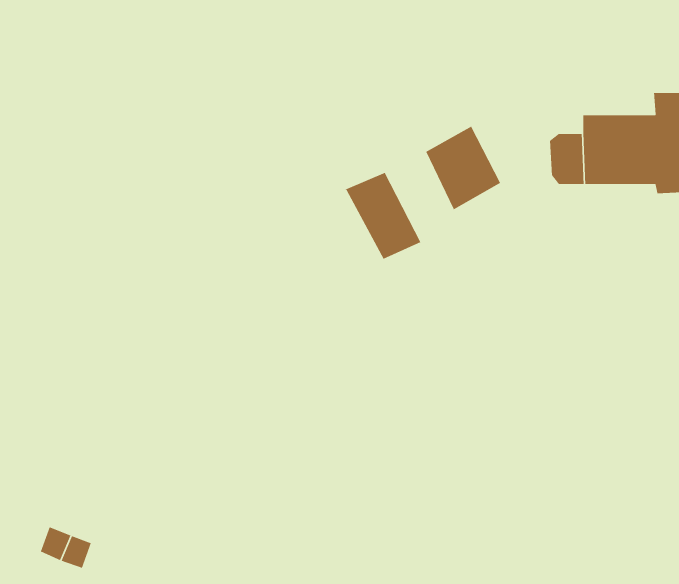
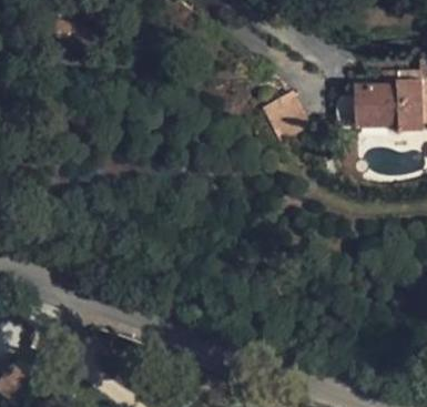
building: [344,172,421,260] -> none

